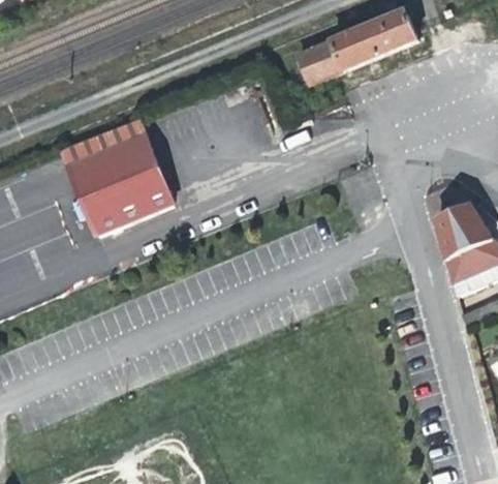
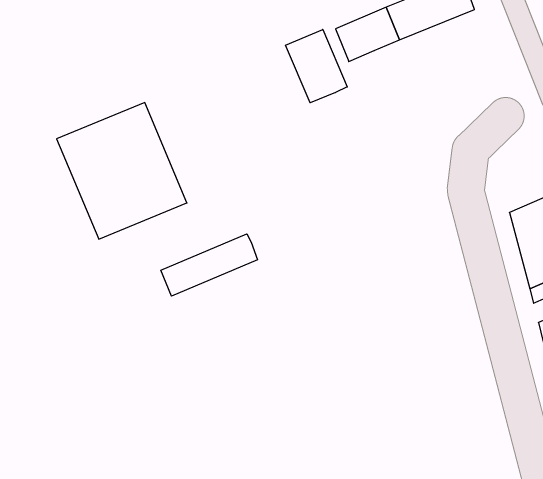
building: none -> [285,29,347,103]
building: none -> [161,234,257,296]

